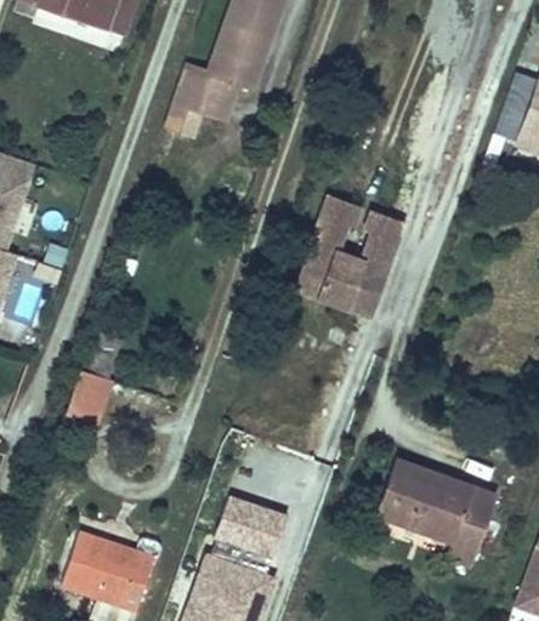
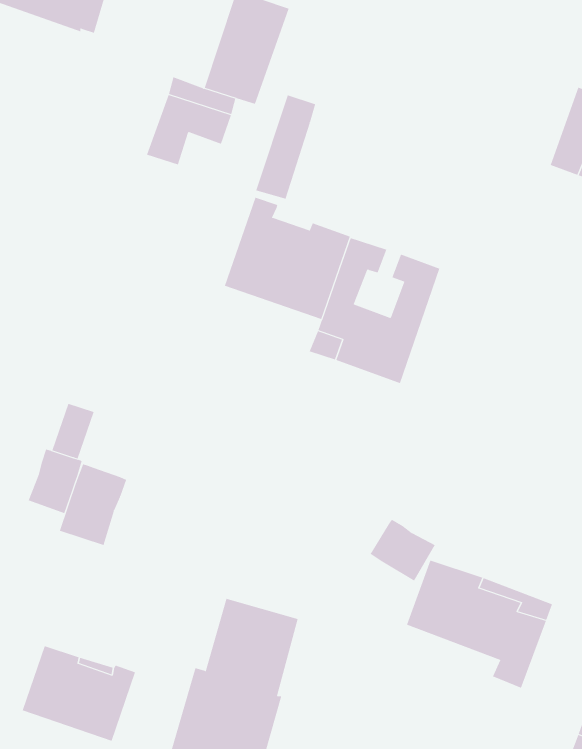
building: none -> [256,95,316,200]
building: none -> [224,197,351,320]
building: none -> [59,463,127,546]
building: none -> [370,519,435,581]

